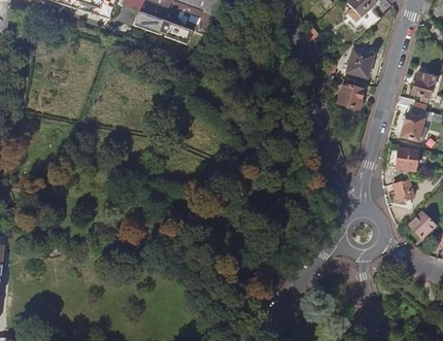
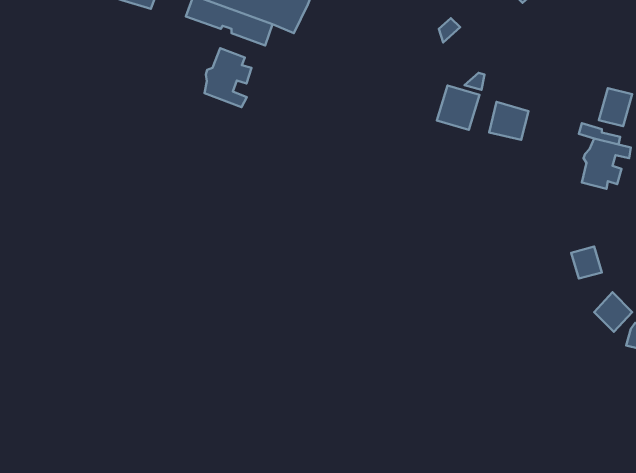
building: none -> [205,48,251,107]
building: [347,47,376,77] -> [437,86,480,130]
building: [387,148,418,172] -> none

